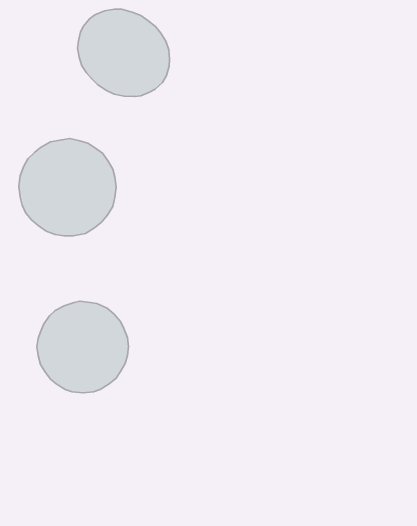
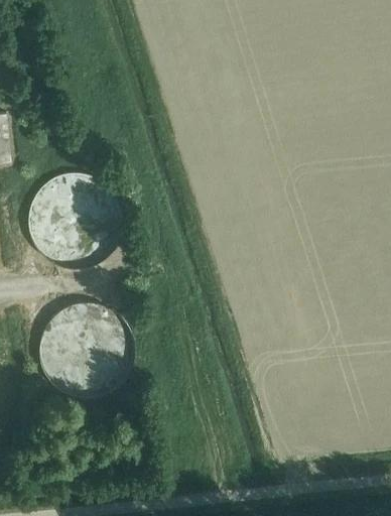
building: [77,9,169,96] -> none

